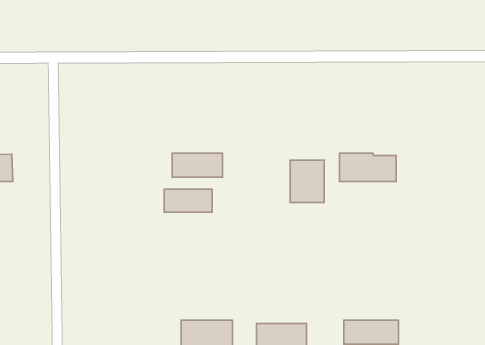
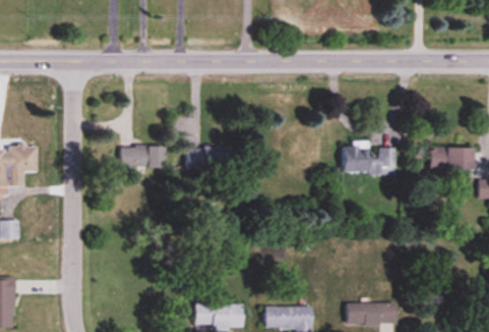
building: none -> [429,147,473,175]
building: [290,160,324,203] -> none
building: [164,189,212,212] -> [120,146,165,167]

